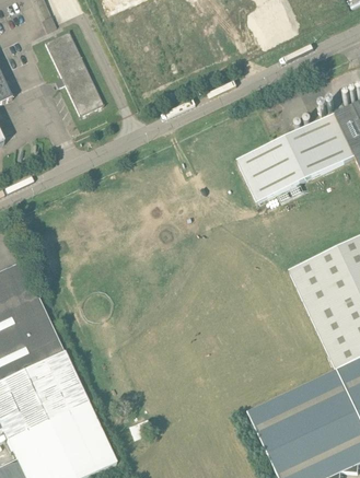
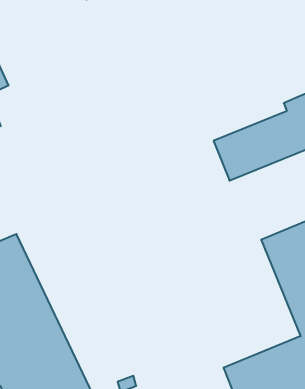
building: [43,27,102,114] -> none

